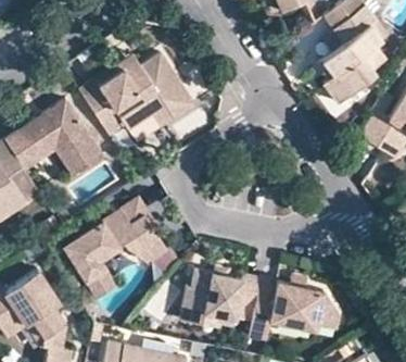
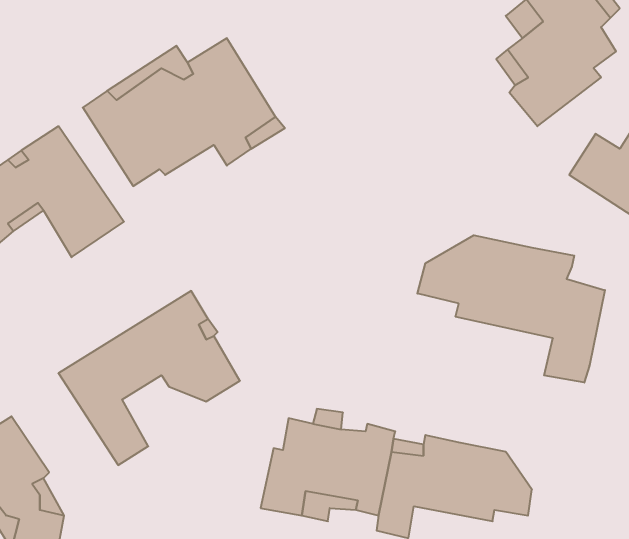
building: none -> [417,235,605,383]

